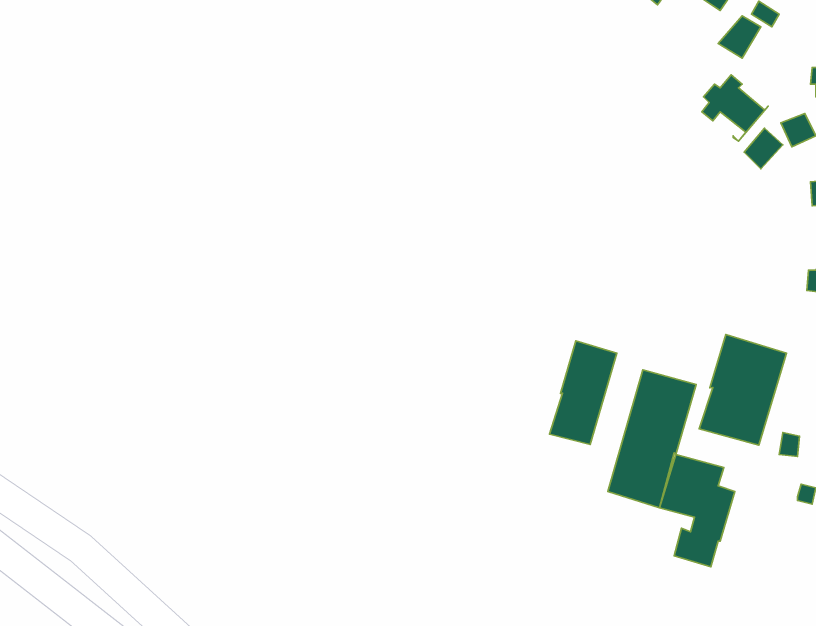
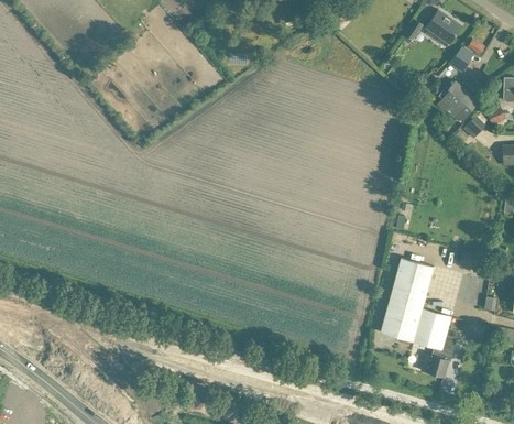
building: [699,335,786,445] -> none
building: [550,341,617,445] -> none

